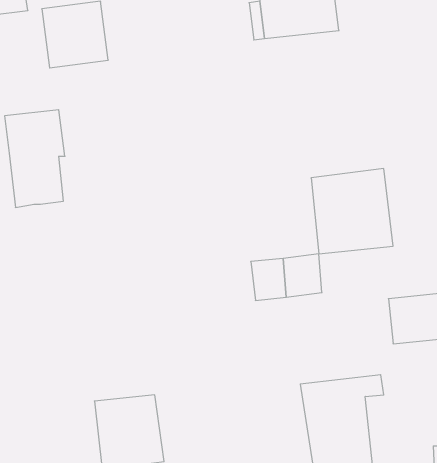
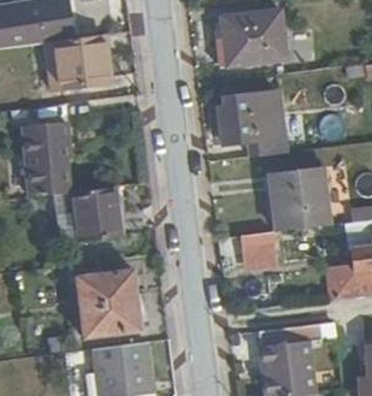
building: none -> [213,89,285,156]
building: none -> [54,187,120,242]
building: none -> [76,270,141,338]

